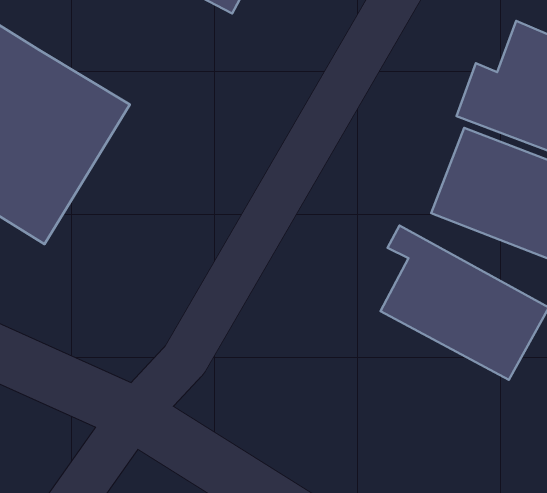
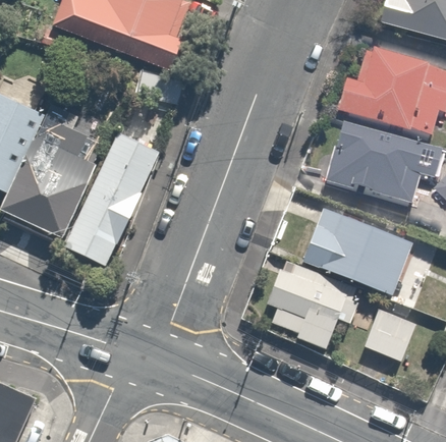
building: none -> [62,129,159,267]
building: none -> [261,264,358,348]
building: none -> [361,307,416,363]

